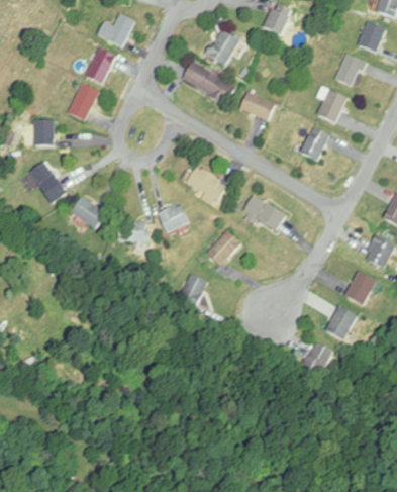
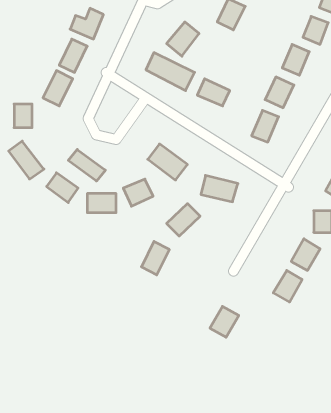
building: none -> [68,149,105,181]
building: [301,340,333,375] -> [210,306,239,337]

